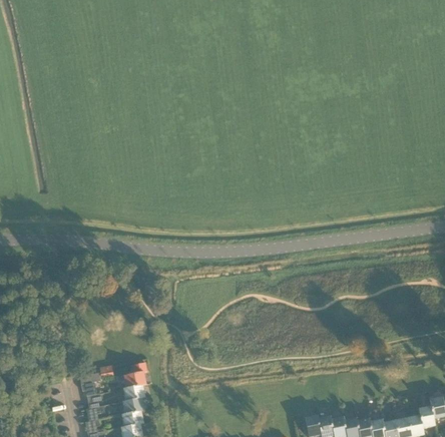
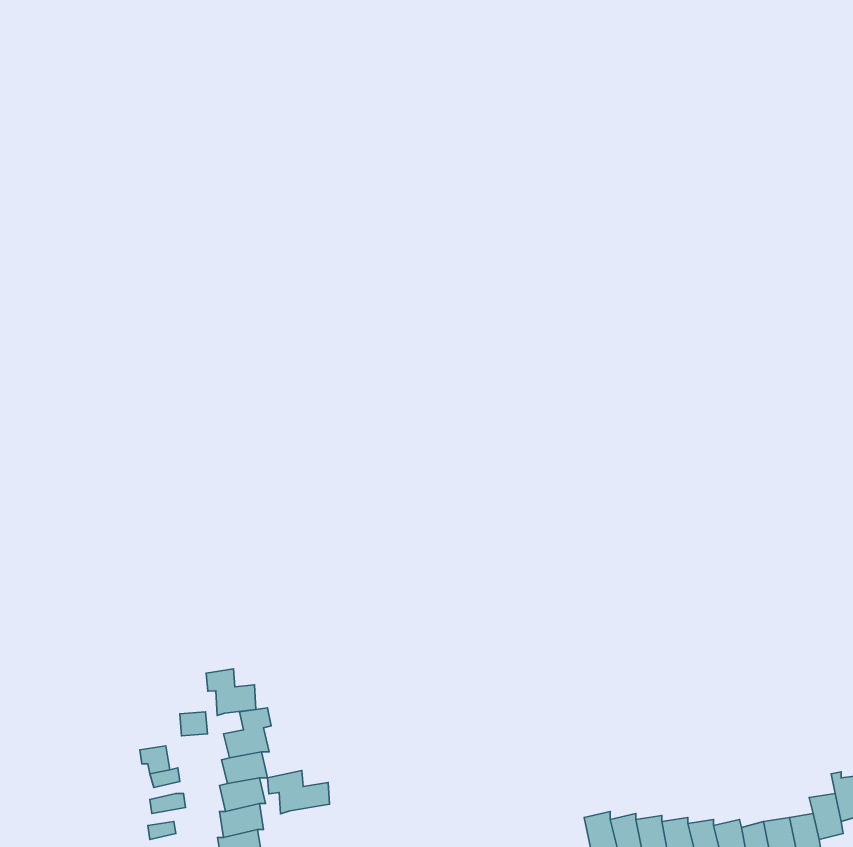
building: none -> [206,669,256,715]
building: none -> [267,771,330,814]

